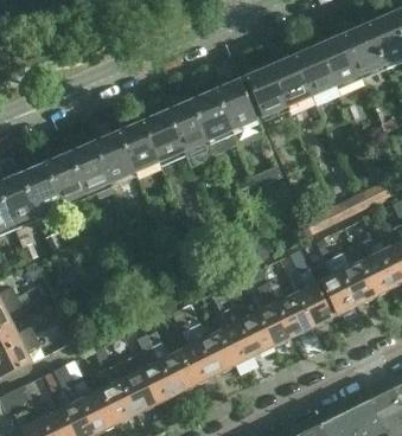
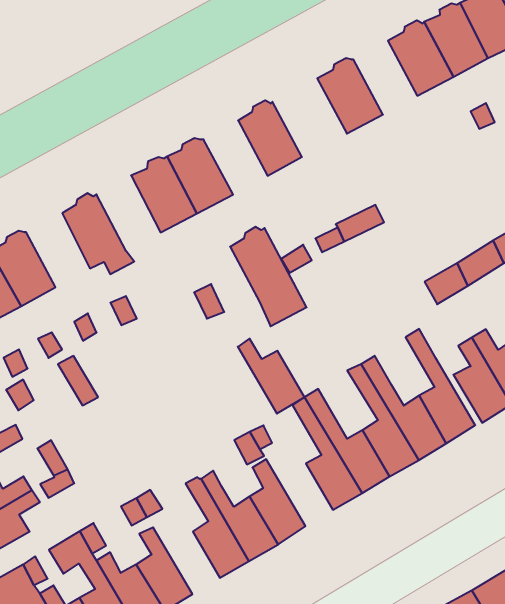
building: [269,56,310,105] -> none
building: [213,79,255,129] -> none
building: [166,101,213,167] -> [230,227,307,326]
building: [92,133,133,182] -> none
building: [44,153,84,203] -> none
building: [191,322,232,373] -> [238,339,304,414]
building: [113,361,154,412] -> none

